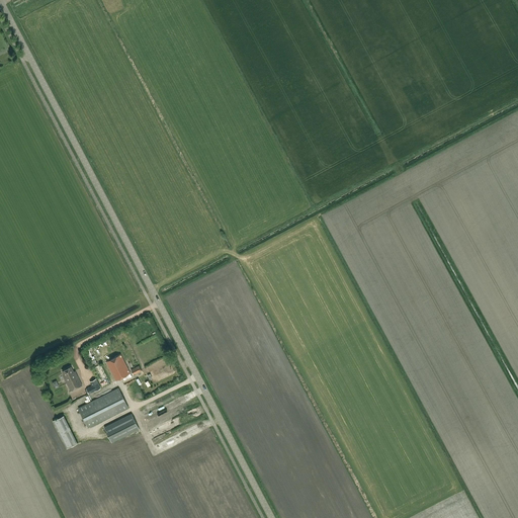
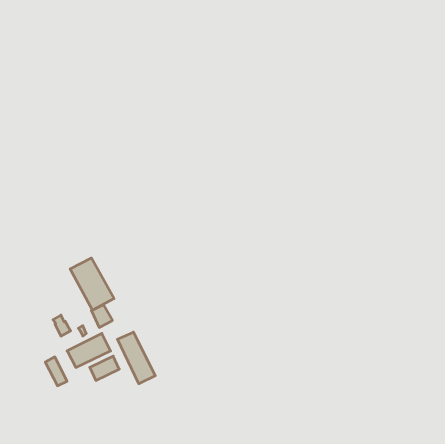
building: none -> [70,258,114,310]
building: none -> [117,332,155,384]

